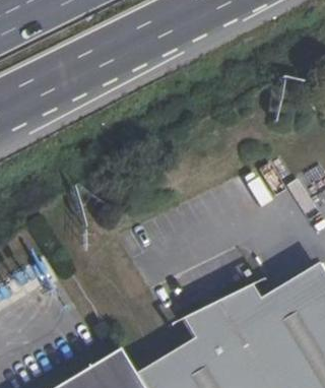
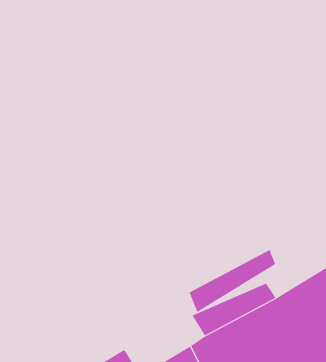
building: none -> [189,249,276,313]

